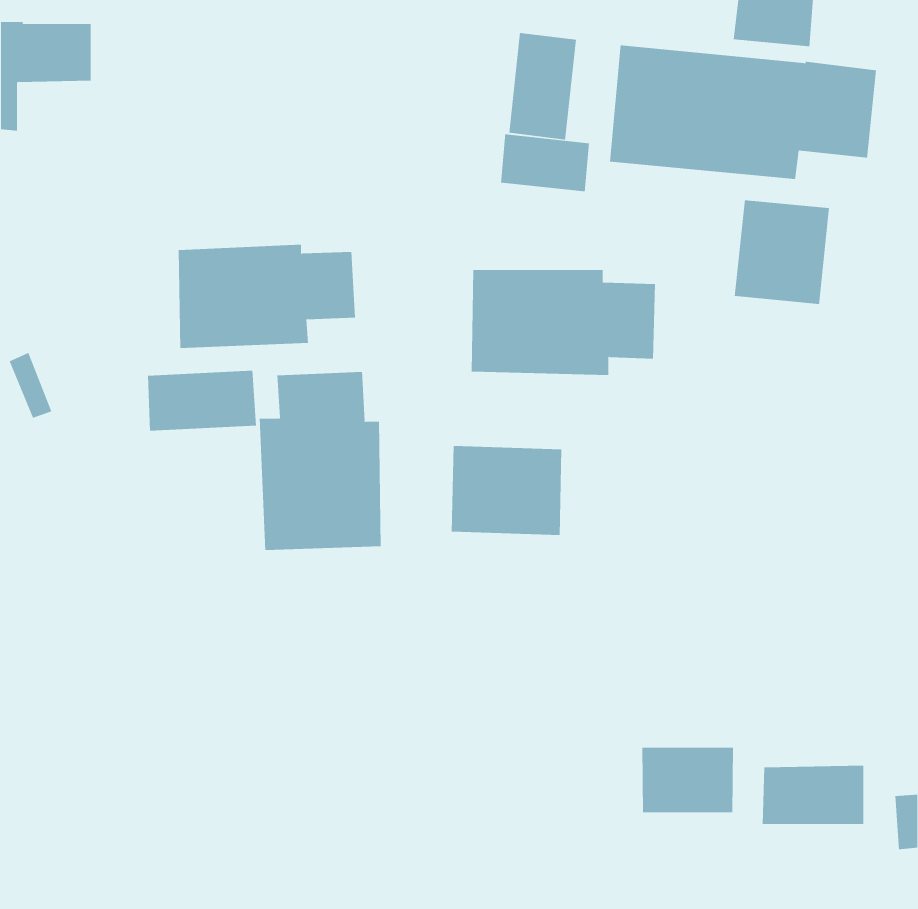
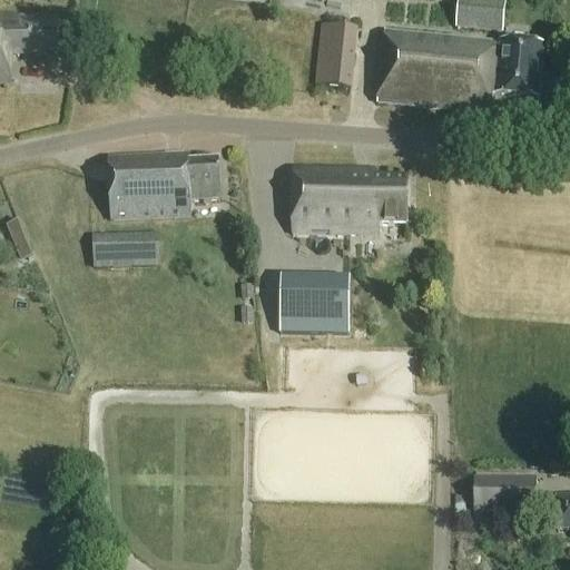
building: [500,134,589,192] -> none
building: [734,199,830,305] -> none
building: [259,371,381,551] -> none
building: [642,747,733,813] -> none

